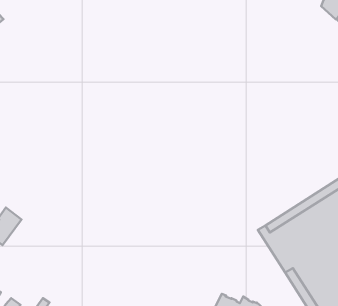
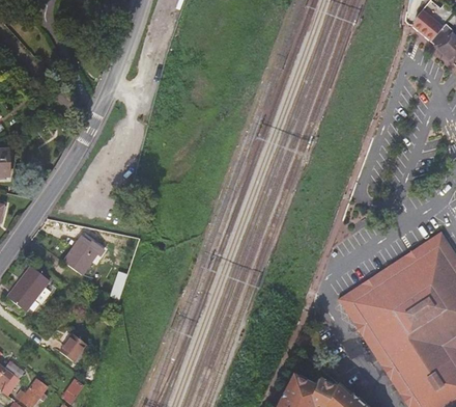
building: none -> [58,237,92,272]
building: none -> [58,333,88,363]

